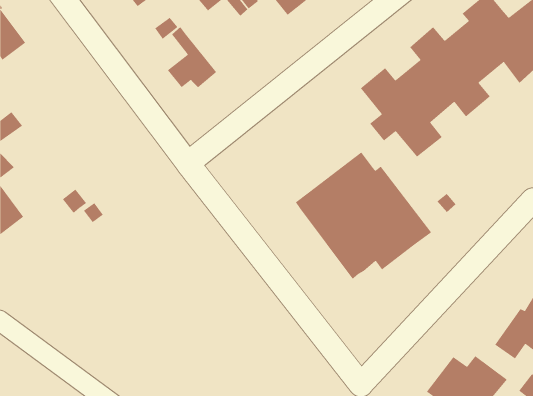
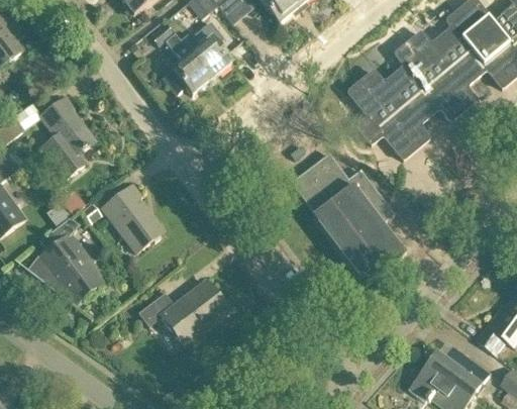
building: none -> [181,33,230,77]
building: none -> [40,96,96,177]
building: none -> [101,183,163,250]
building: none -> [29,216,105,307]
building: none -> [138,280,227,343]

